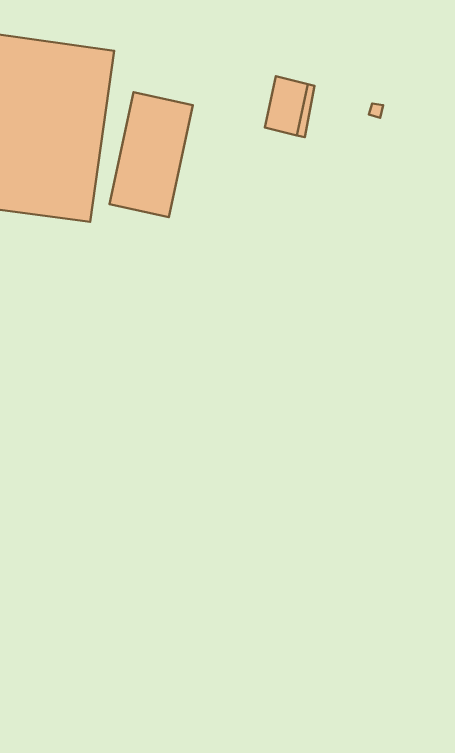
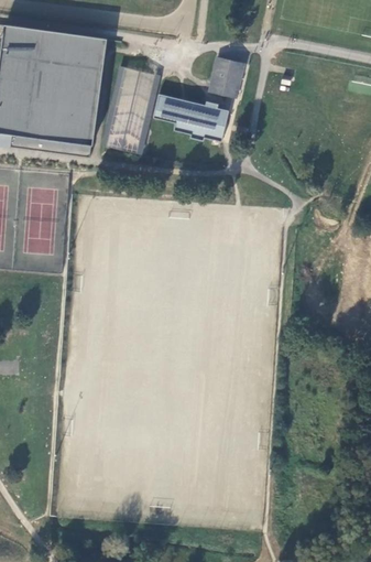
building: none -> [153,91,229,140]

